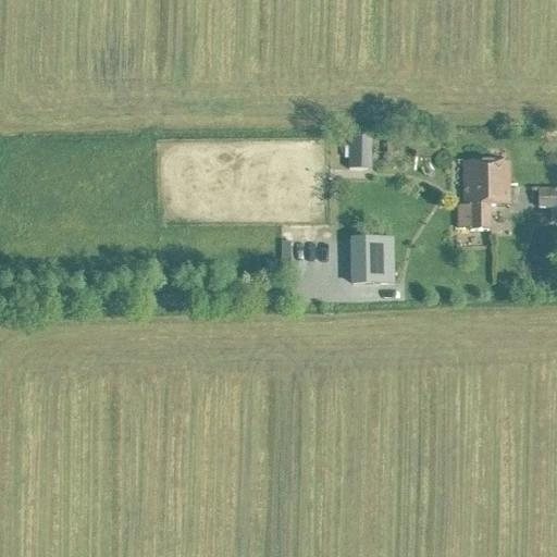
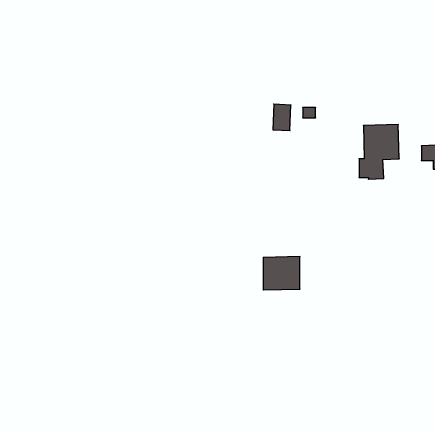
building: [336,239,383,282] -> [263,257,300,290]

